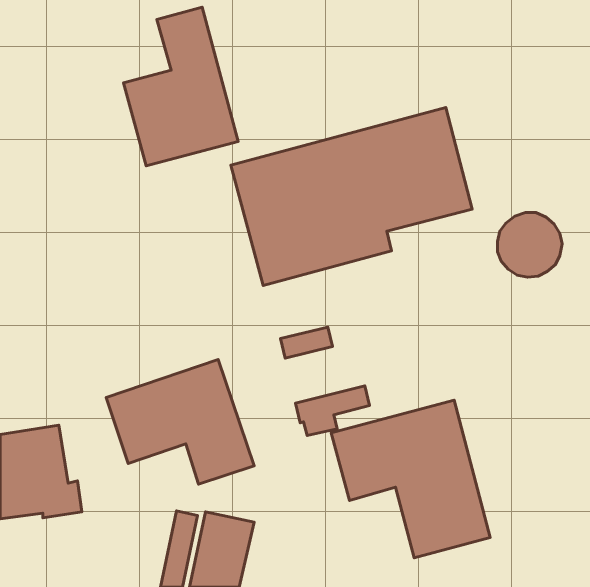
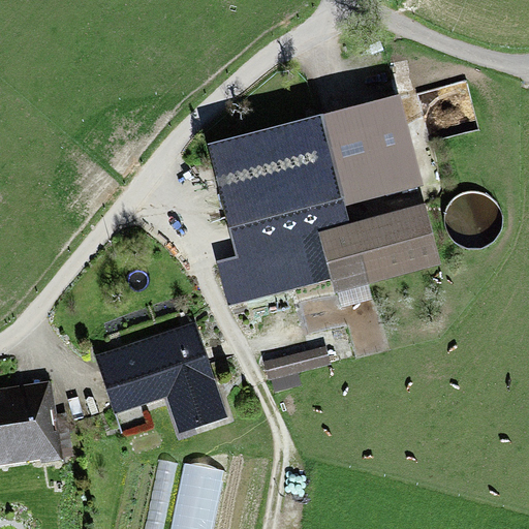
building: [124,7,238,166] -> none
building: none -> [216,205,441,306]
building: [331,400,490,558] -> none

